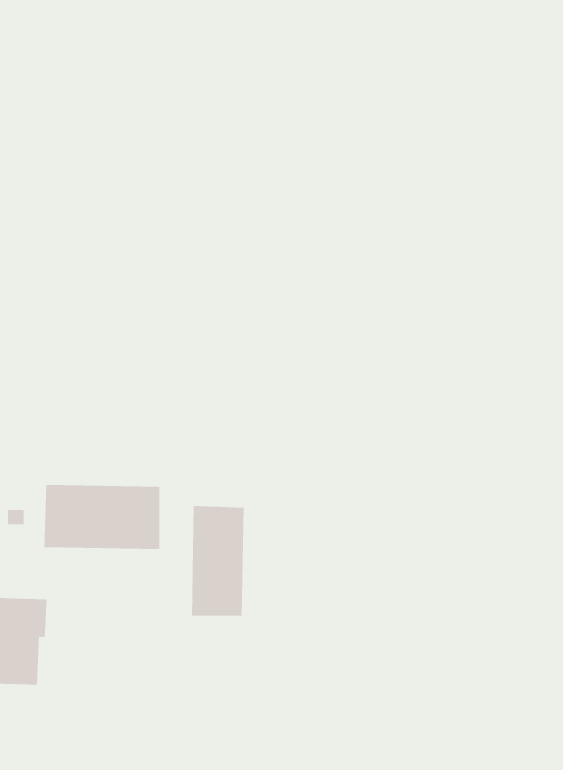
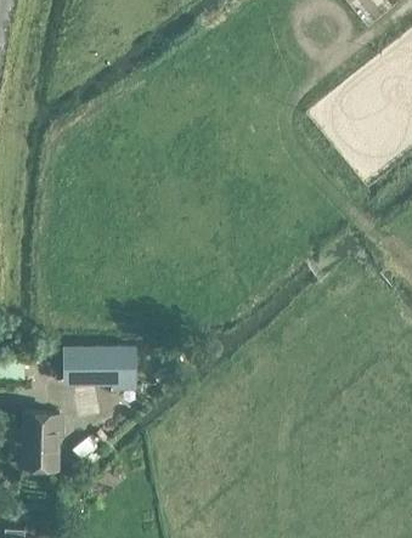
building: [191,505,244,616] -> none

